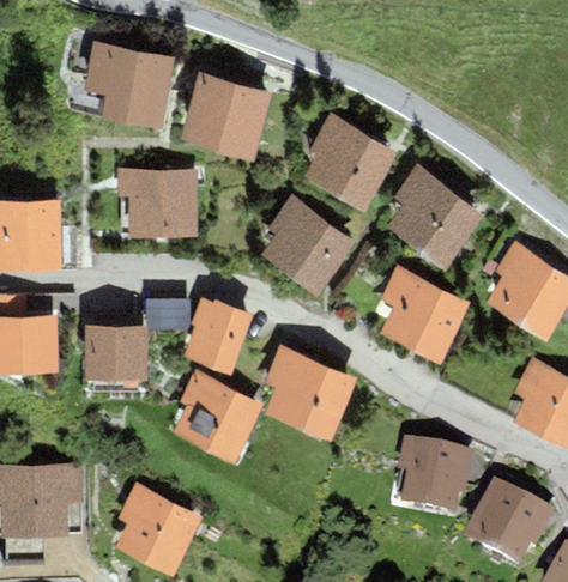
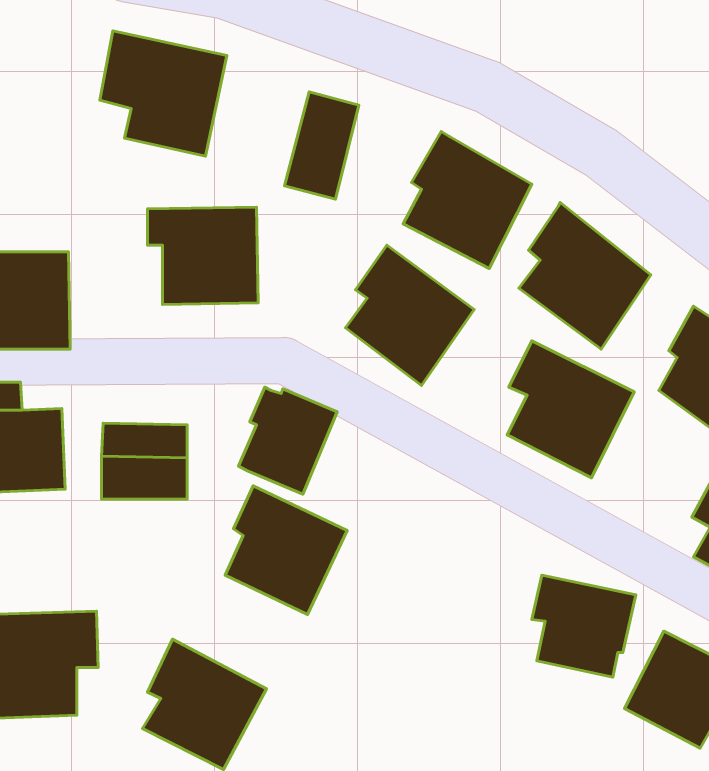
building: [180,74,235,152] -> none
building: [146,297,188,328] -> none
building: [264,345,357,442] -> none

